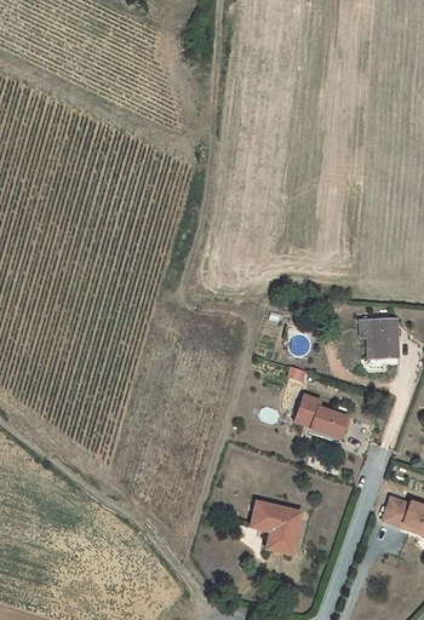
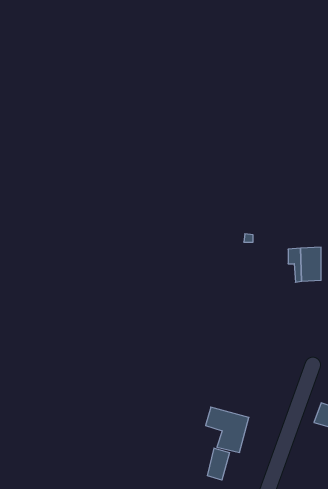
building: [302,404,348,441] -> none
building: none -> [207,448,229,480]

